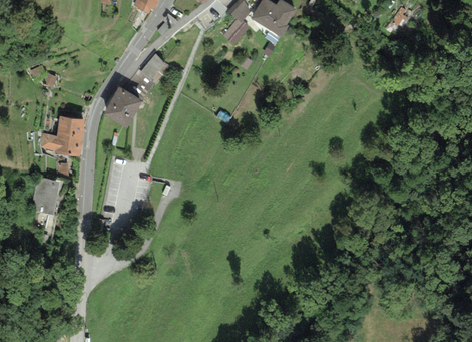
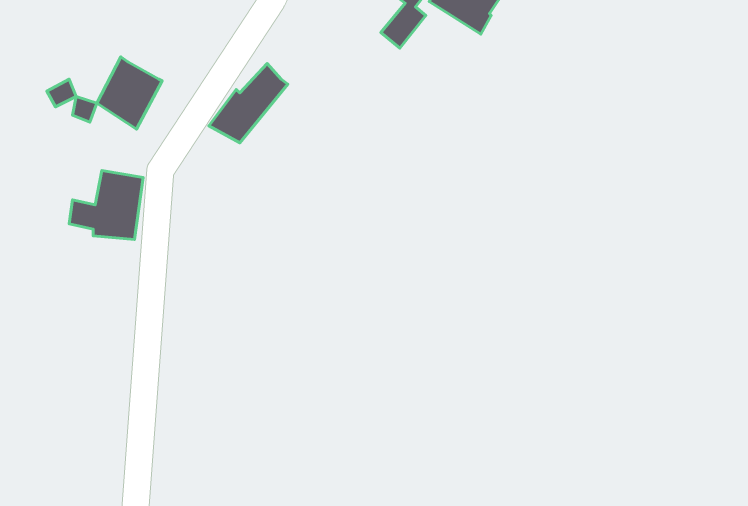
building: [104,86,142,128] -> [97,57,162,129]
building: [29,177,60,214] -> none

